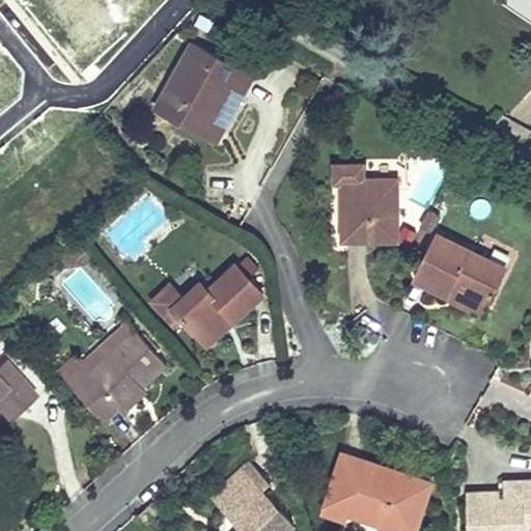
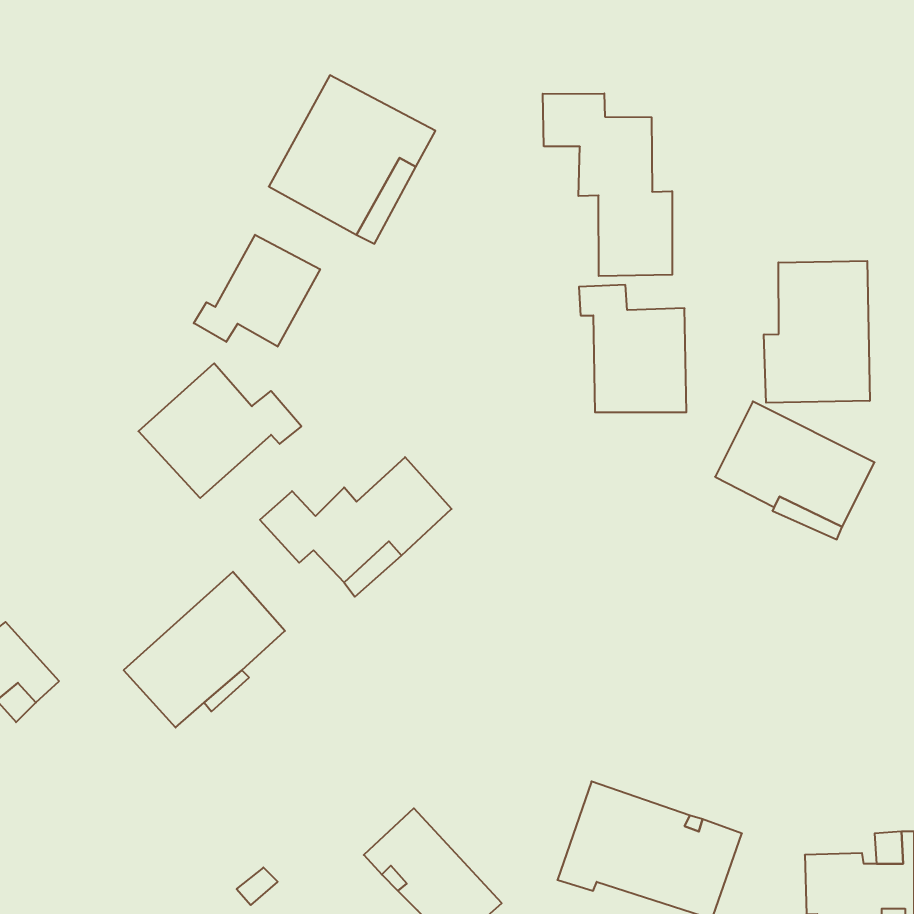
building: none -> [543,93,672,276]
building: none -> [194,235,320,347]
building: none -> [764,261,870,403]
building: none -> [138,363,301,498]

